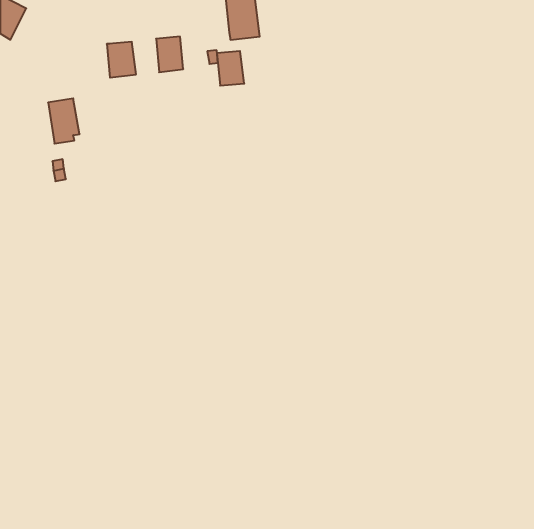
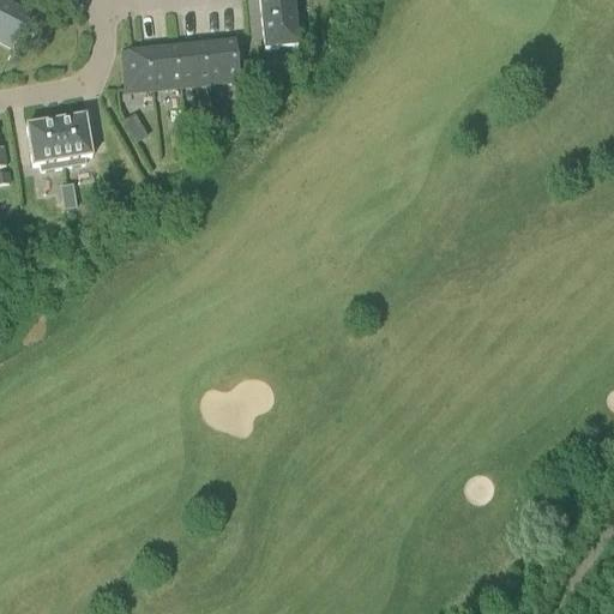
building: none -> [152,44,183,85]
building: [217,51,244,86] -> [207,40,239,79]
building: none -> [26,118,64,168]

